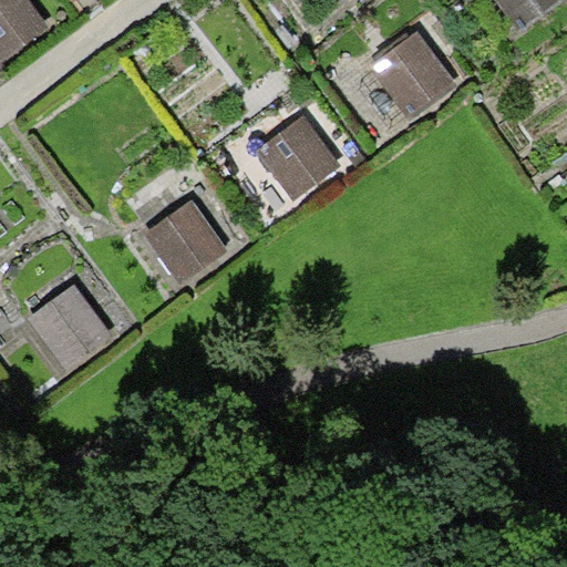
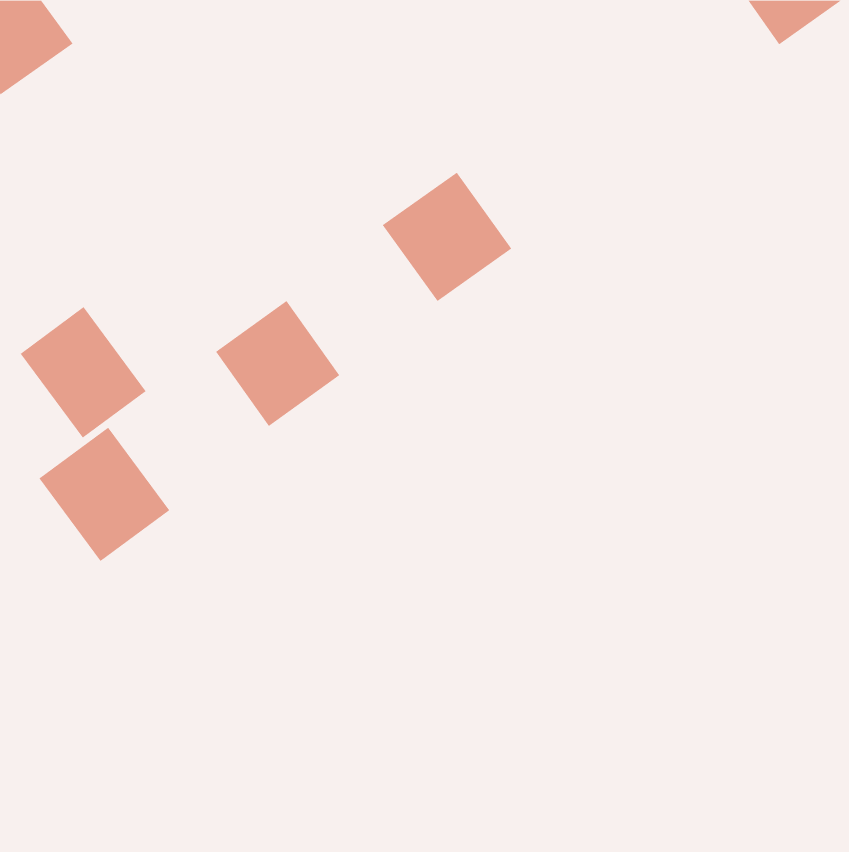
building: [369,31,454,118] -> none
building: none -> [20,306,146,438]

